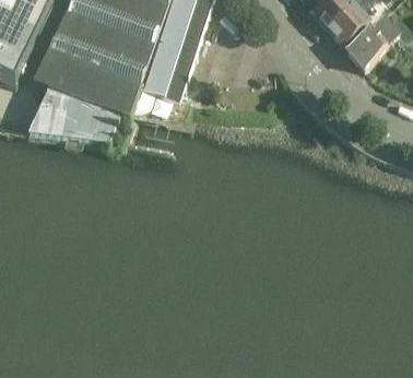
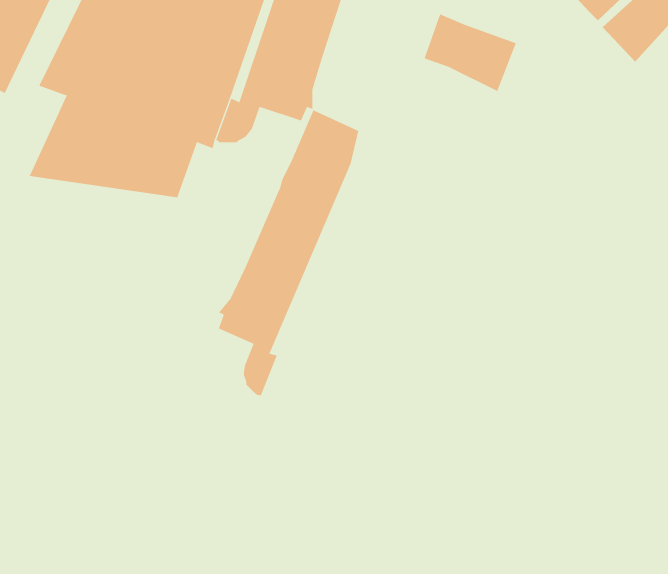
building: none -> [424,14,516,92]
building: none -> [218,109,359,397]

